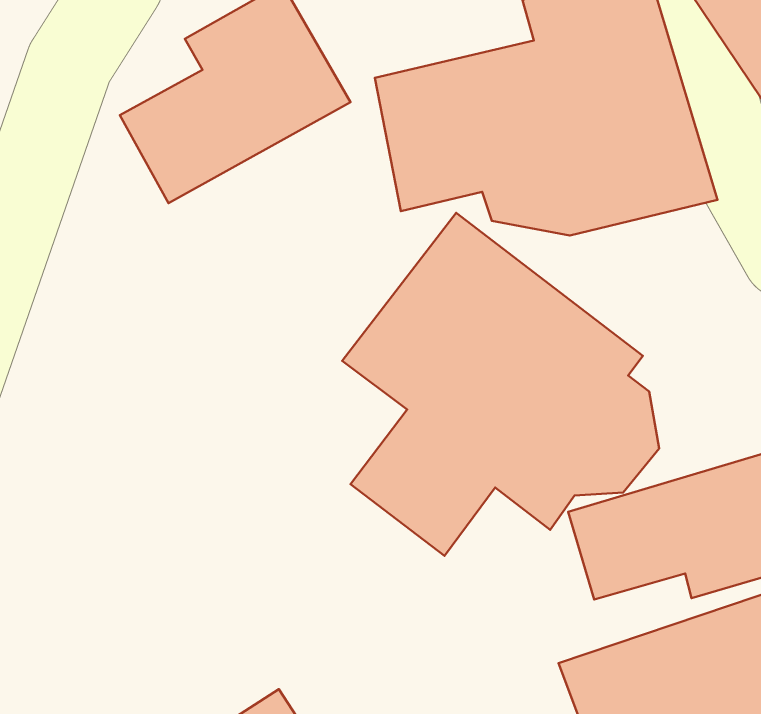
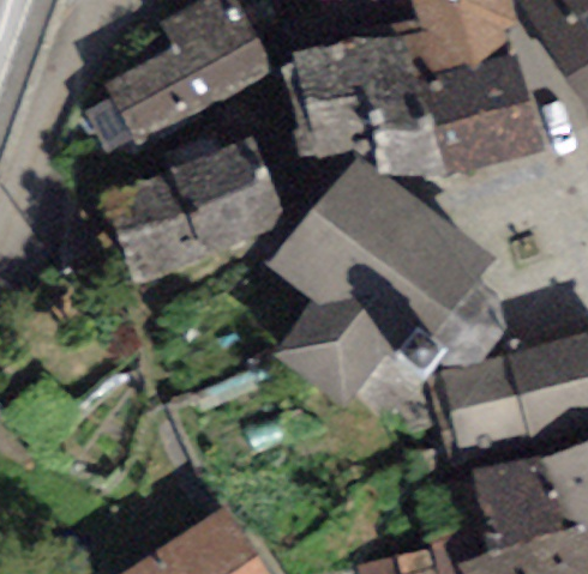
building: none -> [102,138,282,282]

